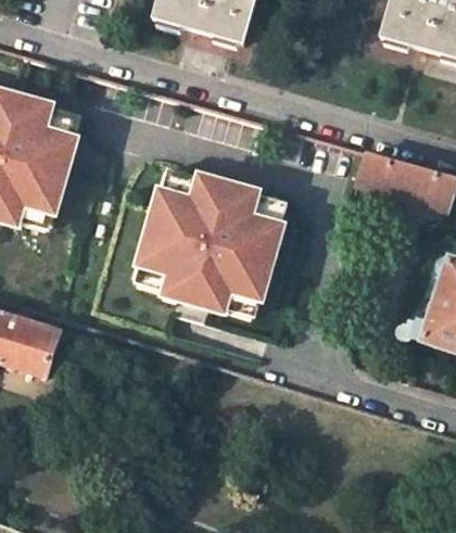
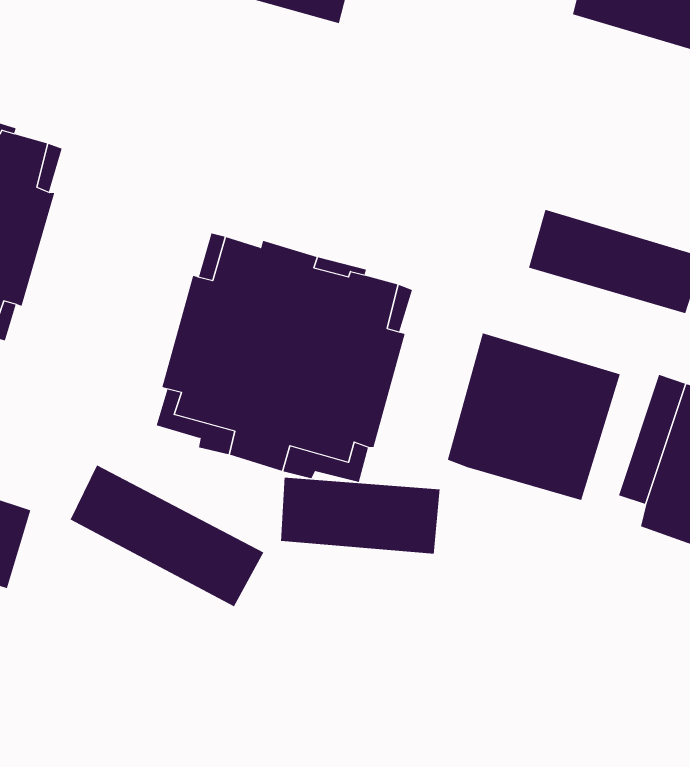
building: none -> [447,332,620,501]
building: none -> [70,465,264,607]
building: none -> [280,477,440,555]

